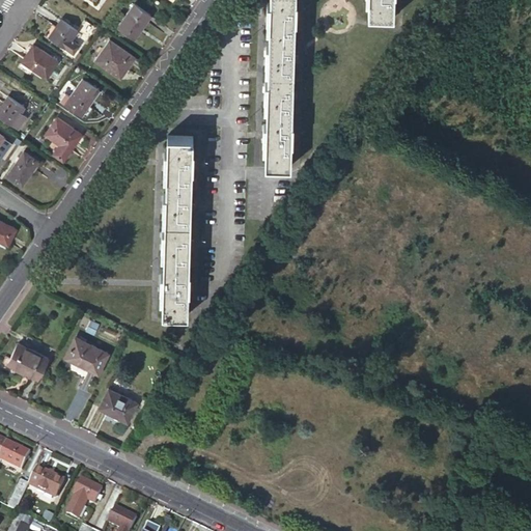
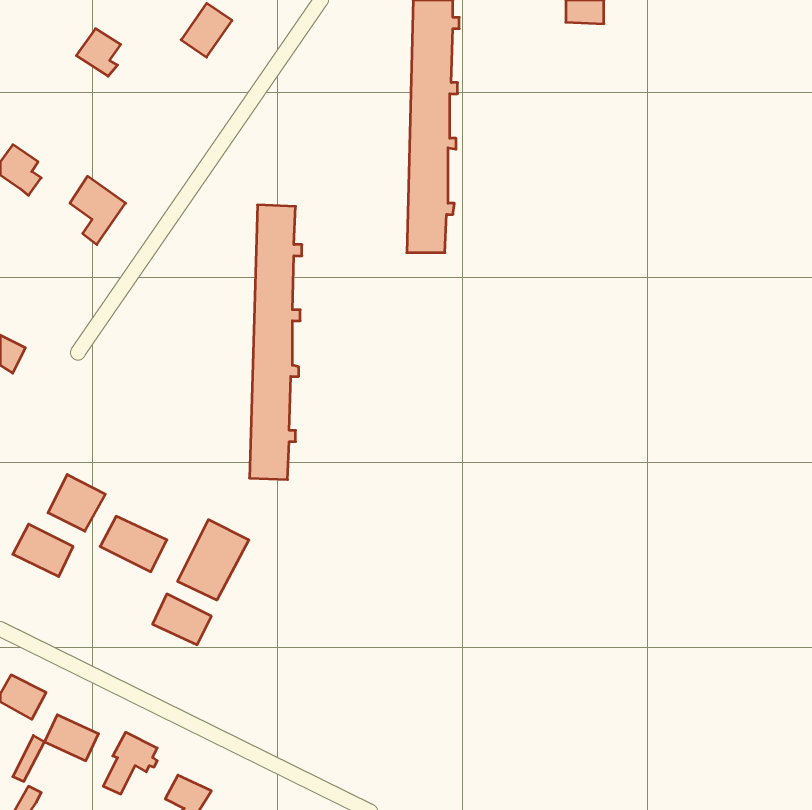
building: [95,40,136,78] -> none
building: [23,46,58,79] -> none
building: [61,79,100,115] -> none
building: [7,151,38,185] -> none
building: none -> [48,474,105,531]
building: none -> [178,520,249,600]

